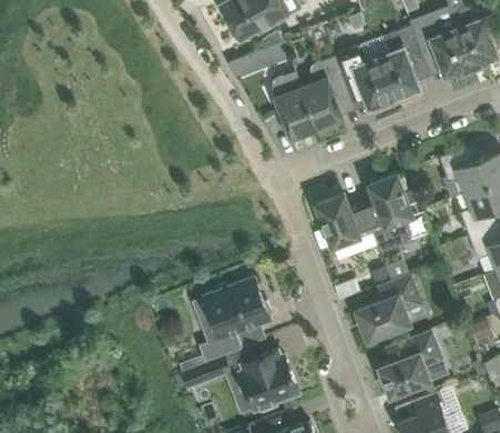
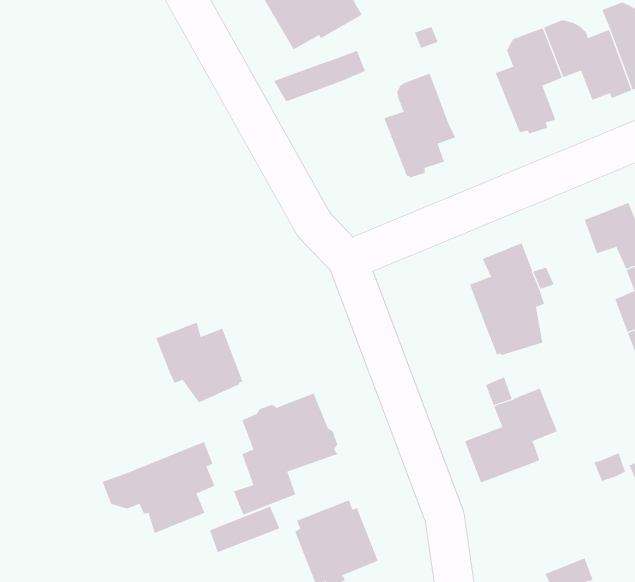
building: [334,48,395,109] -> none
building: [273,72,317,139] -> none
building: [317,195,371,246] -> none
building: none -> [156,322,243,403]
building: none -> [102,441,215,534]
building: [378,332,441,397] -> none

